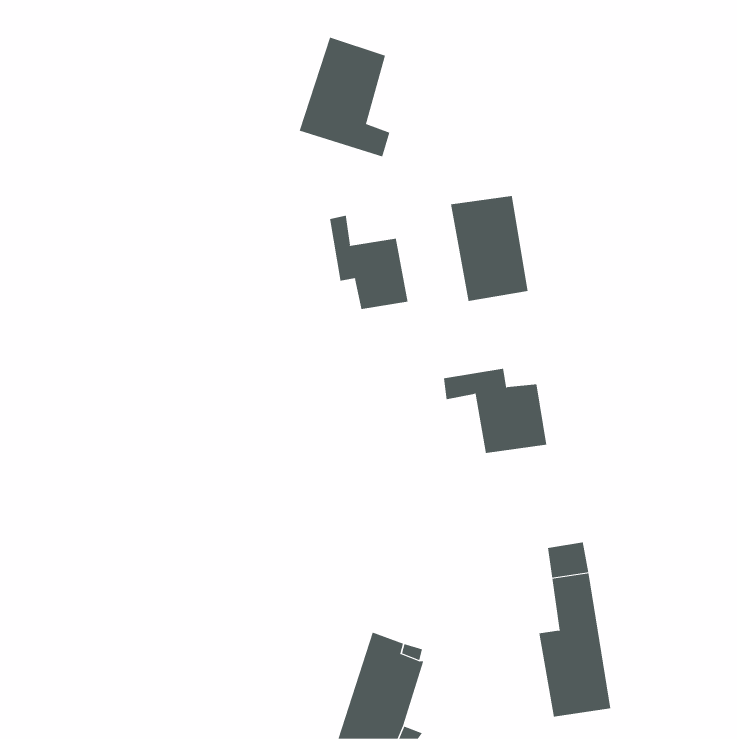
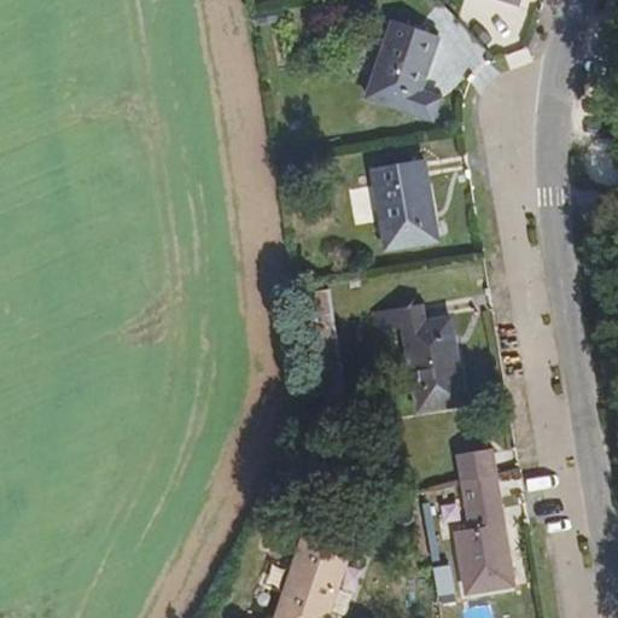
building: [299,37,390,157] -> [358,13,435,113]
building: [330,215,408,310] -> none
building: none -> [407,371,464,407]

